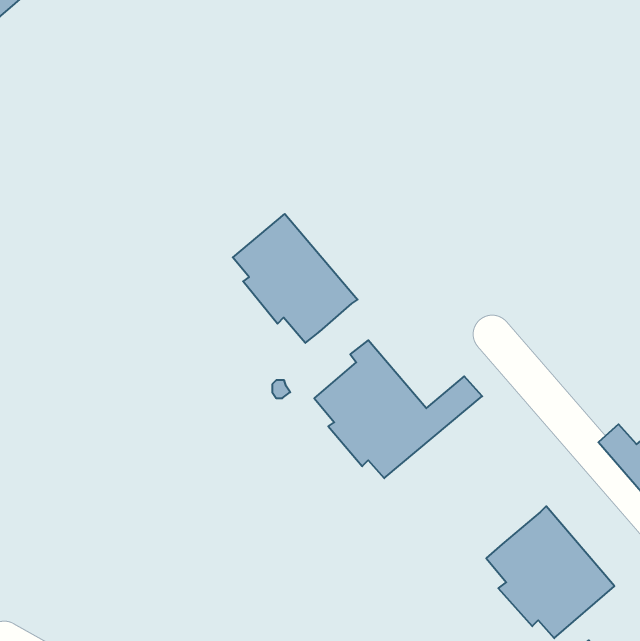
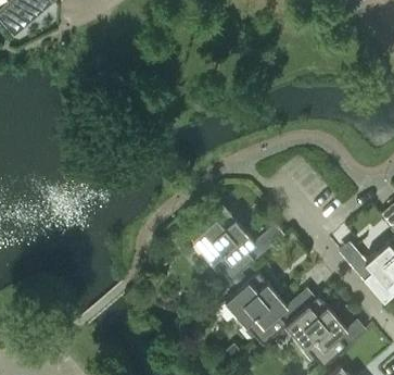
building: [233,214,358,343] -> none
building: none -> [225,272,315,343]

